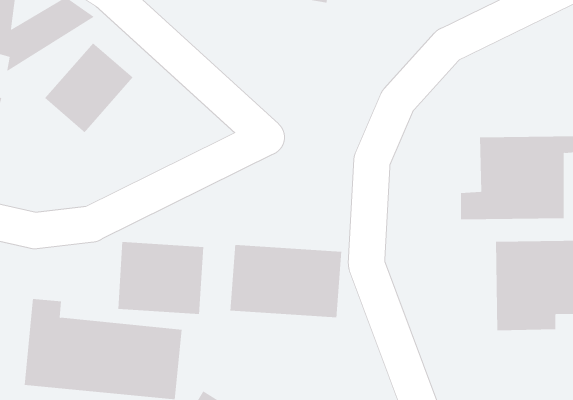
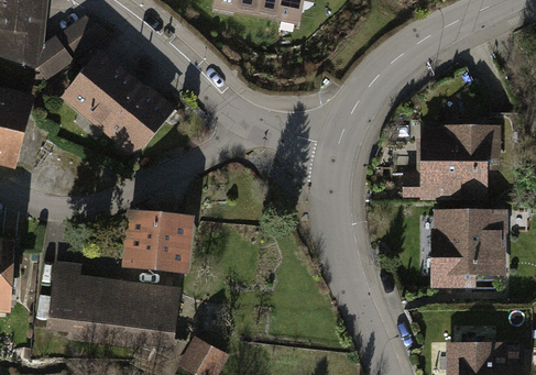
building: none -> [98,80,171,154]
building: [230,244,342,318] -> none

